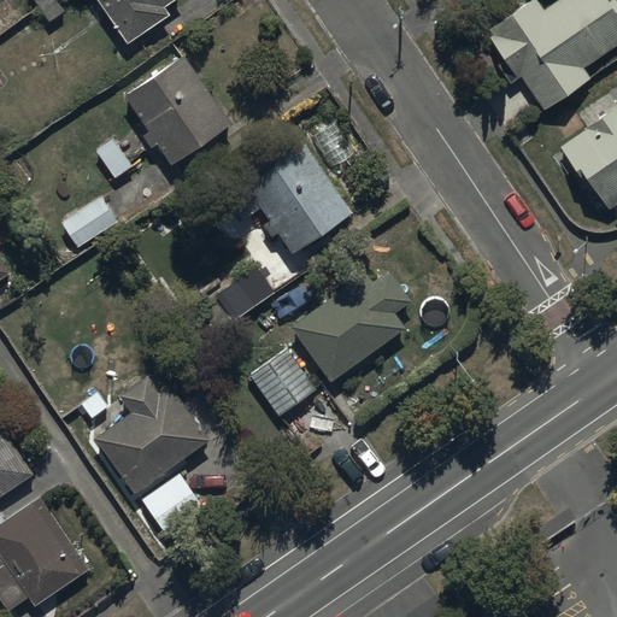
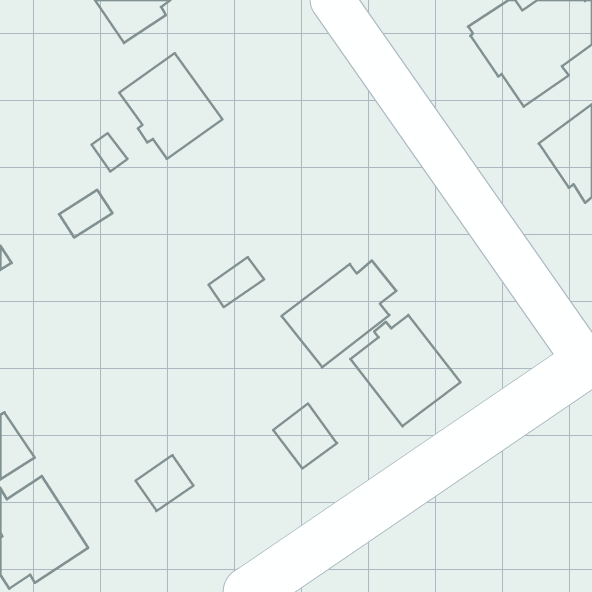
building: [235,128,352,253] -> none
building: none -> [350,315,460,426]
building: [251,349,317,417] -> [273,404,337,468]
building: [95,376,210,494] -> none

